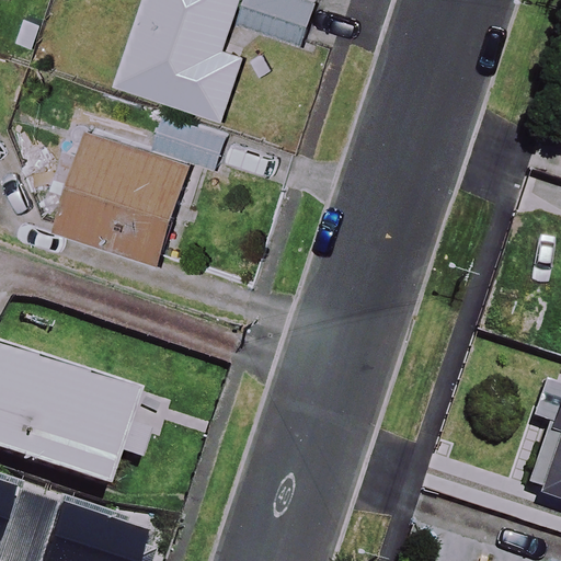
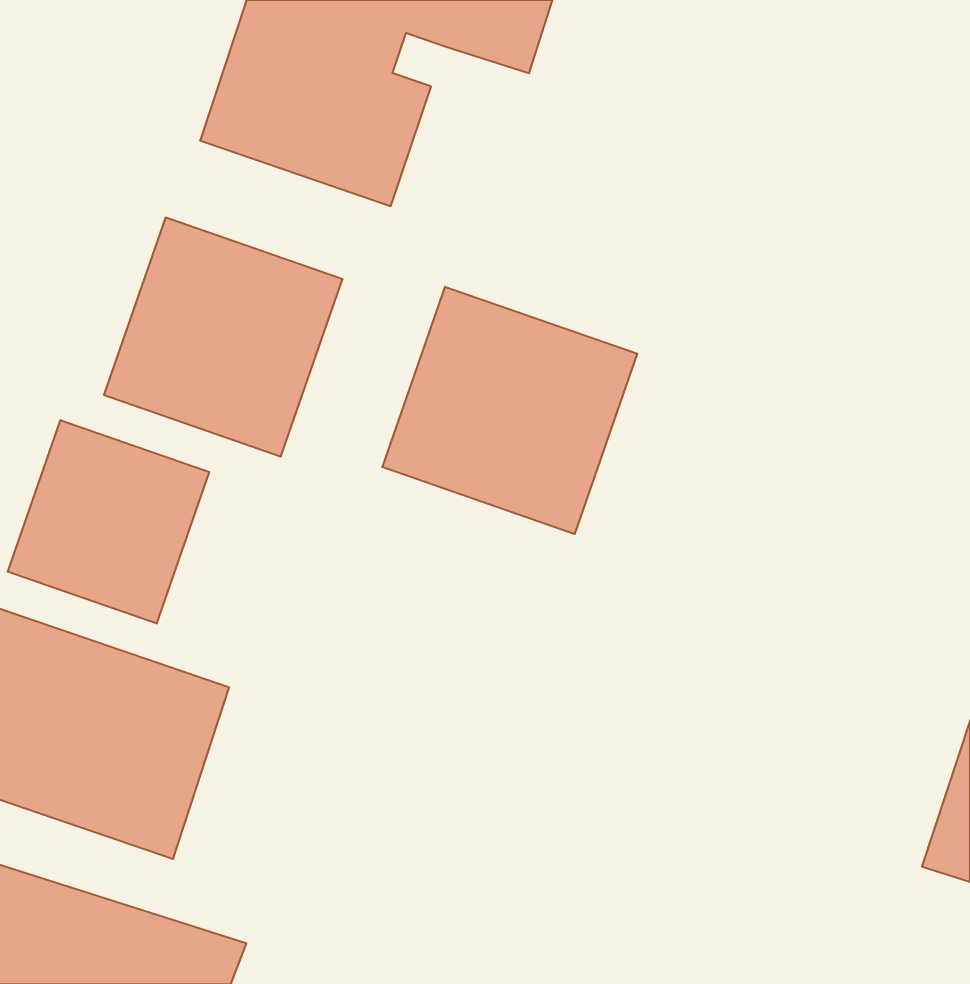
building: none -> [382,287,637,534]
building: none -> [8,420,209,624]

